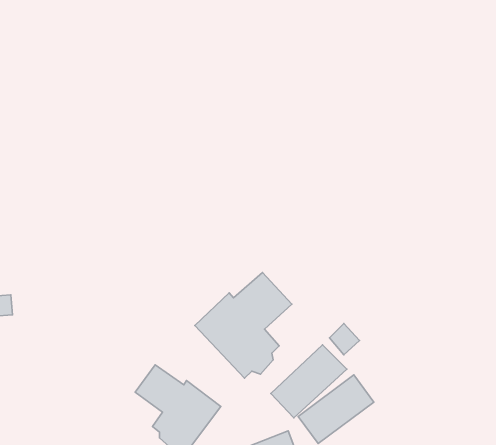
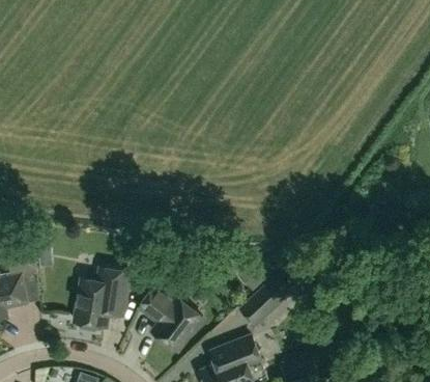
building: [195,273,292,378] -> none
building: none -> [76,267,131,326]

